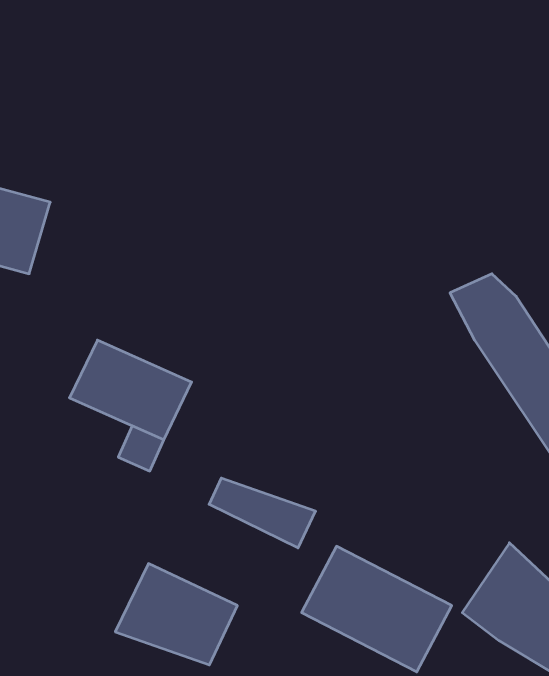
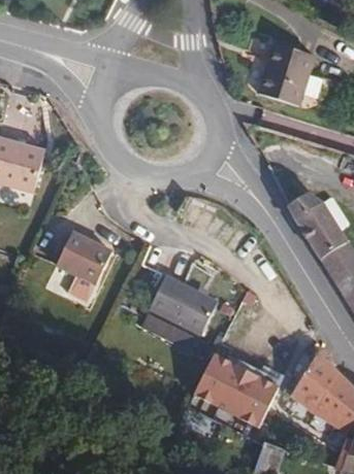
building: none -> [257,40,313,104]
building: [115,564,237,665] -> [147,272,219,332]

